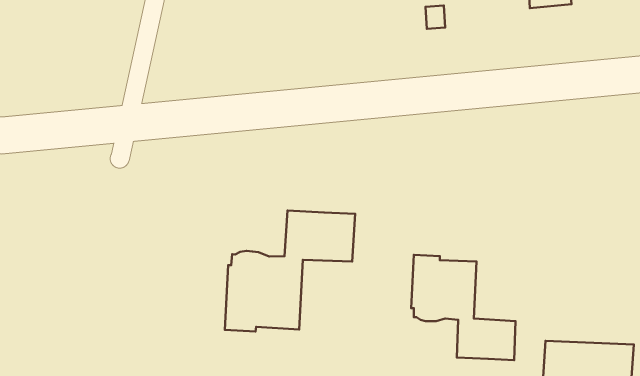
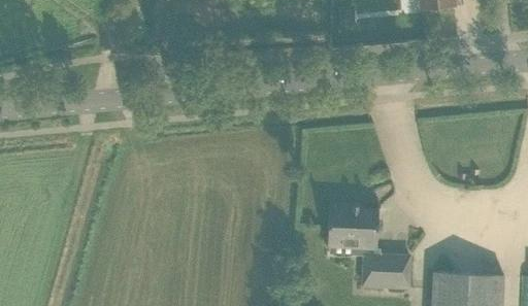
building: [225,210,355,331] -> none

